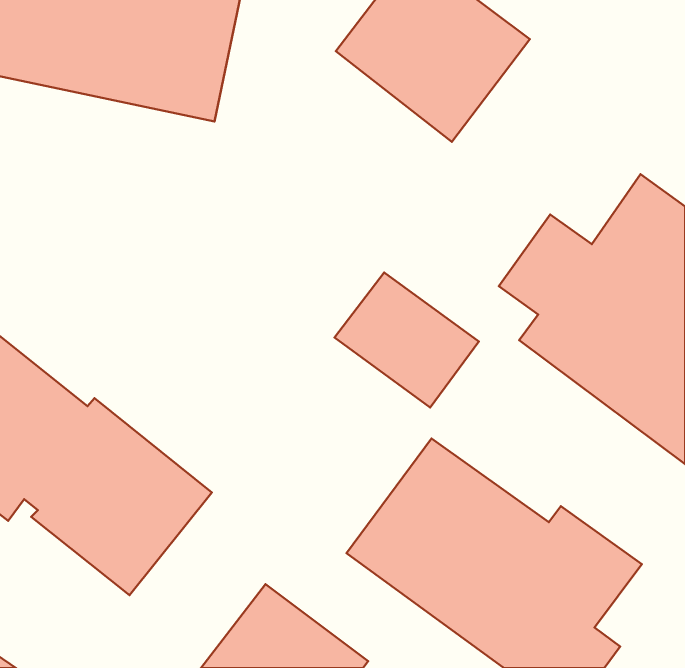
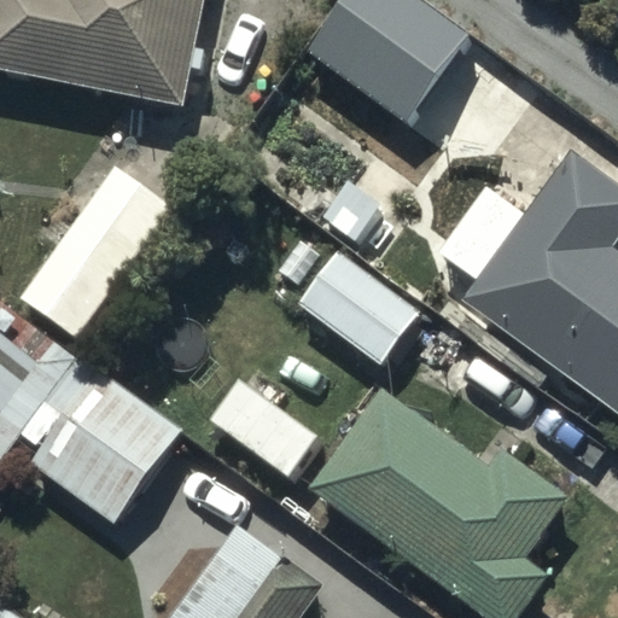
building: none -> [16,145,170,316]

